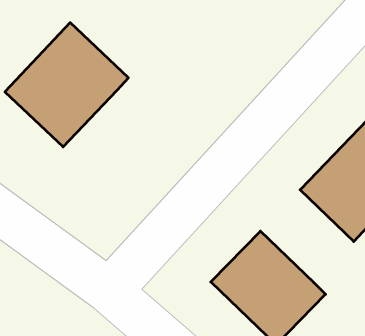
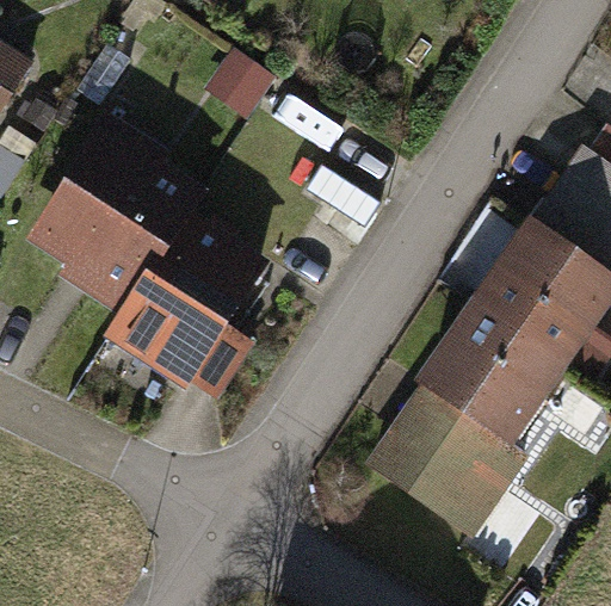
building: none -> [110,215,271,385]
building: none -> [424,313,558,441]

